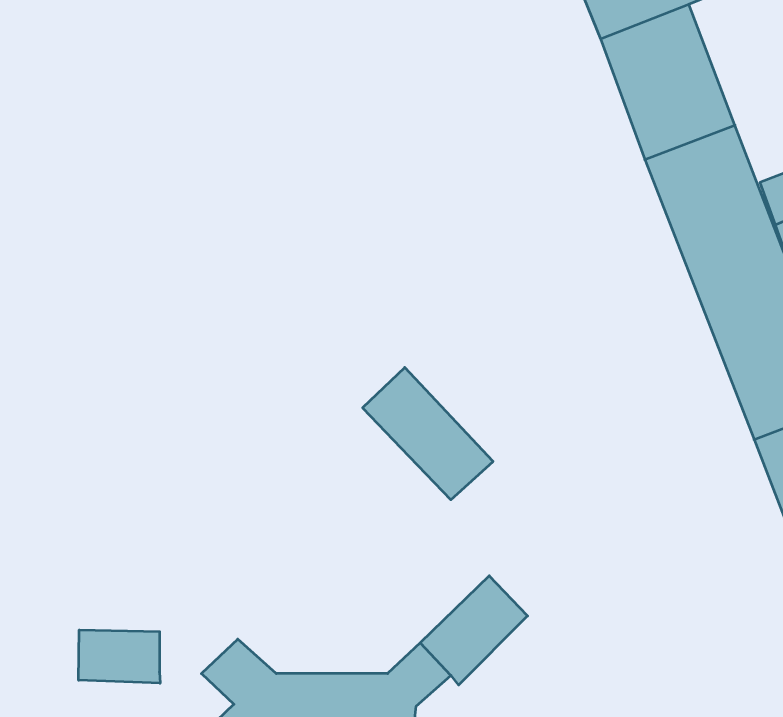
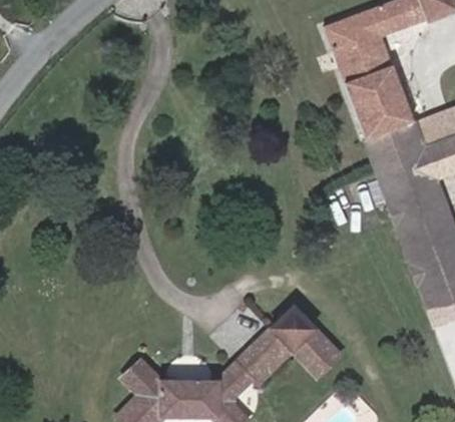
building: [363,367,493,500] -> [275,308,343,377]
building: [79,630,160,683] -> none

